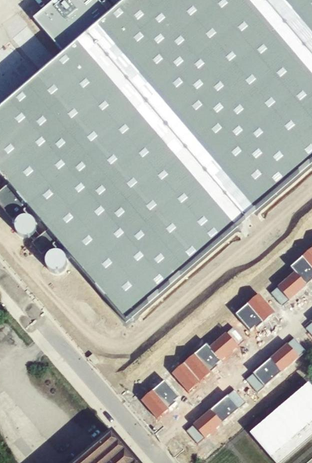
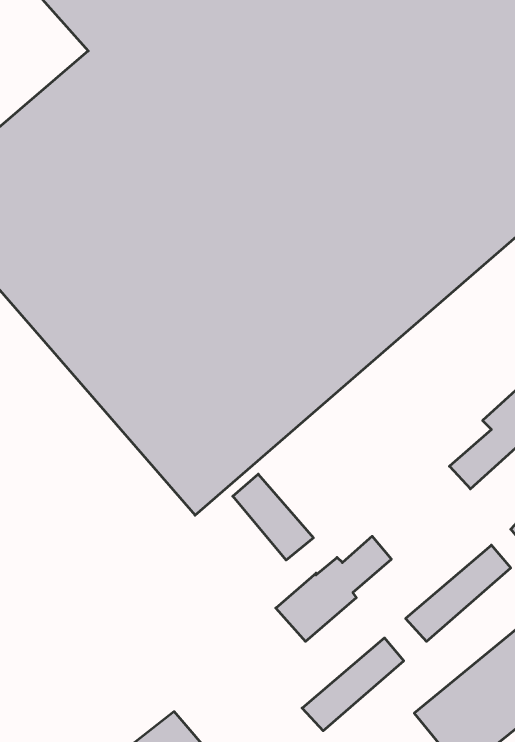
building: [235,292,275,327] -> none
building: none -> [233,474,313,560]
building: [140,378,178,417] -> none

